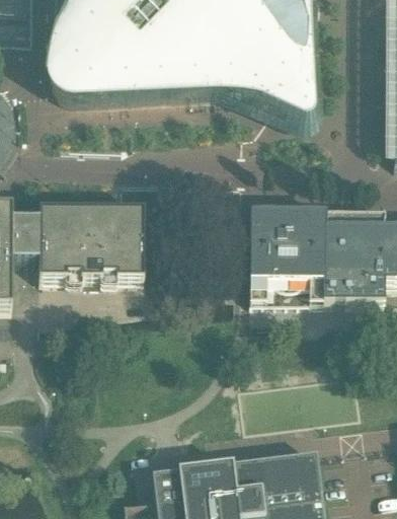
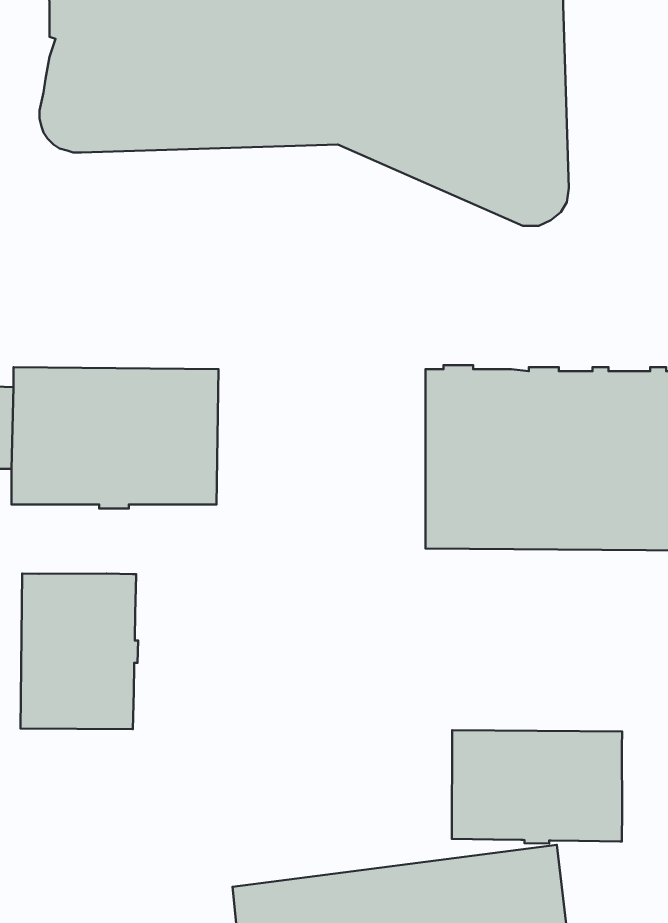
building: none -> [21,573,138,729]
building: none -> [452,730,622,844]

